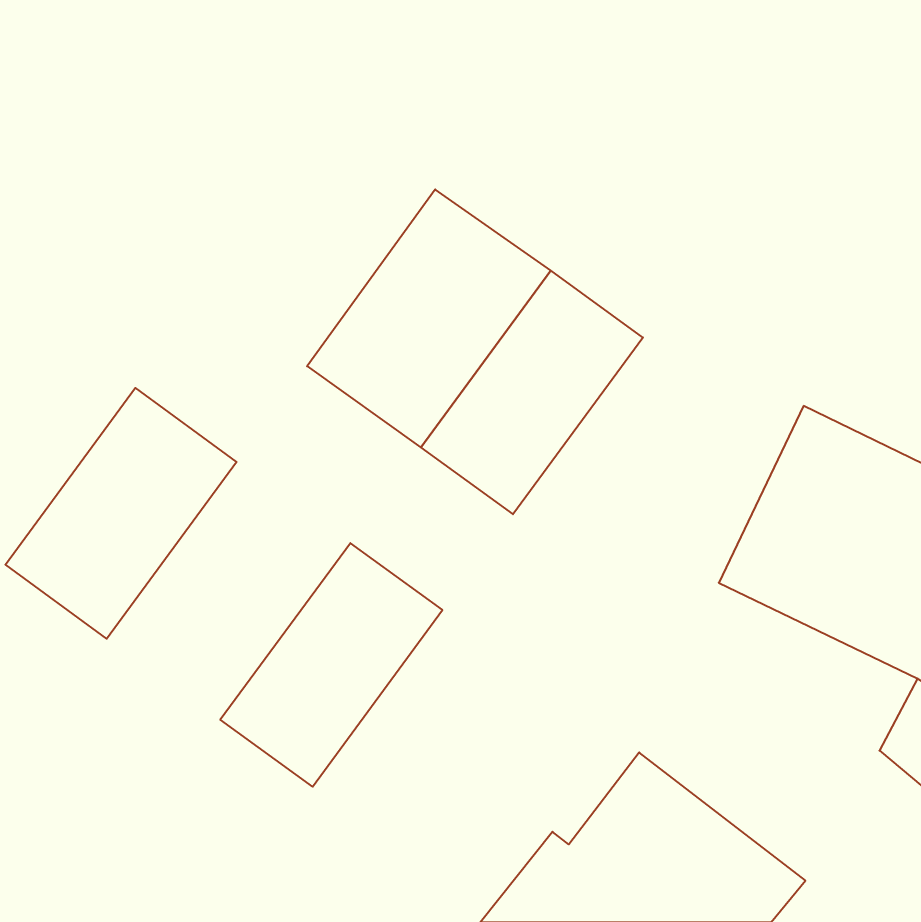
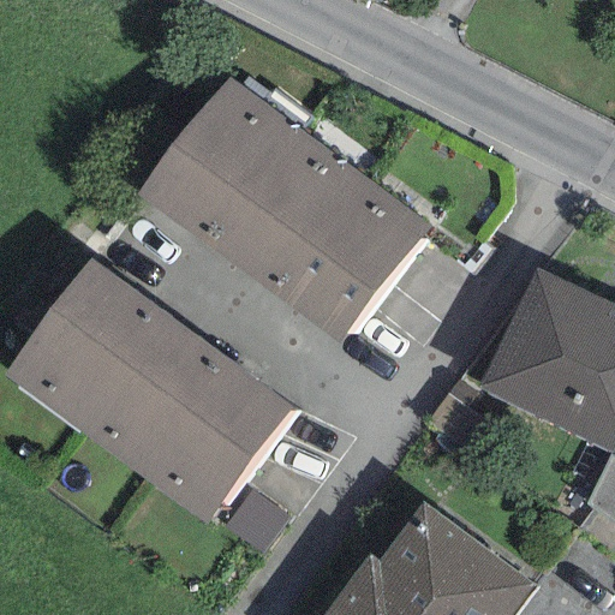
building: none -> [138,77,291,244]
building: none -> [72,308,234,479]

